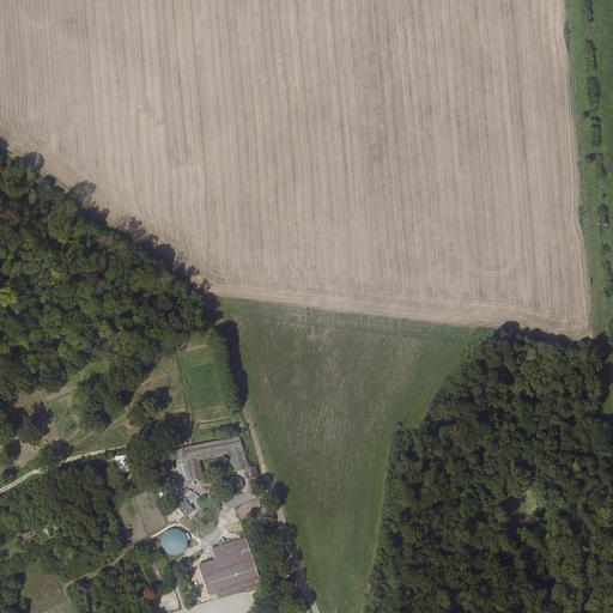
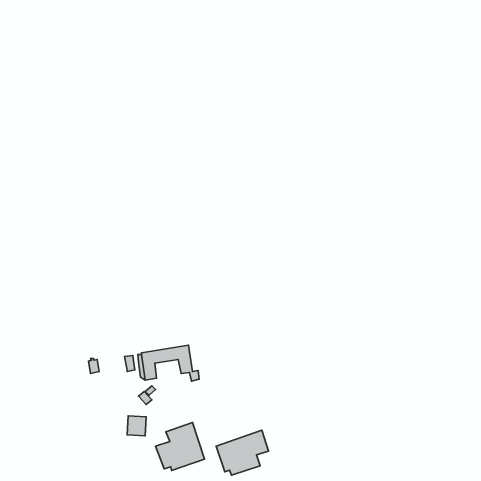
building: none -> [216,430,268,475]

